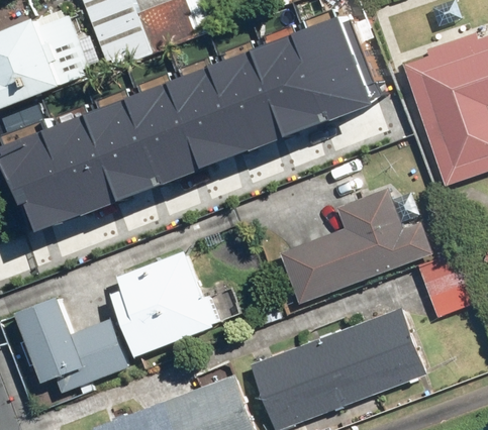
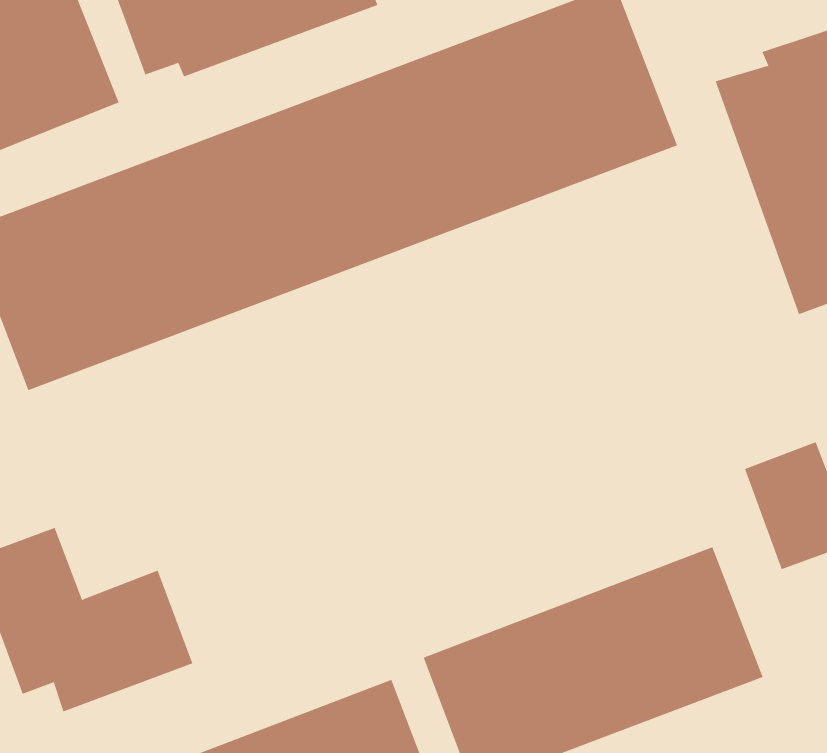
building: [279,188,431,305] -> none
building: [111,251,213,356] -> none

